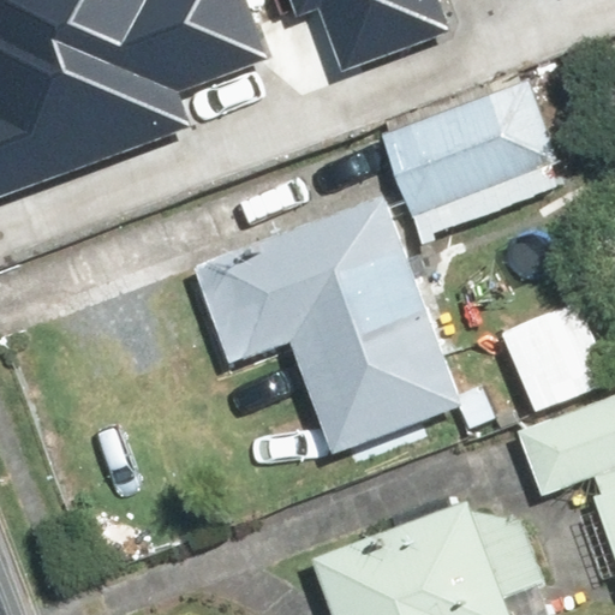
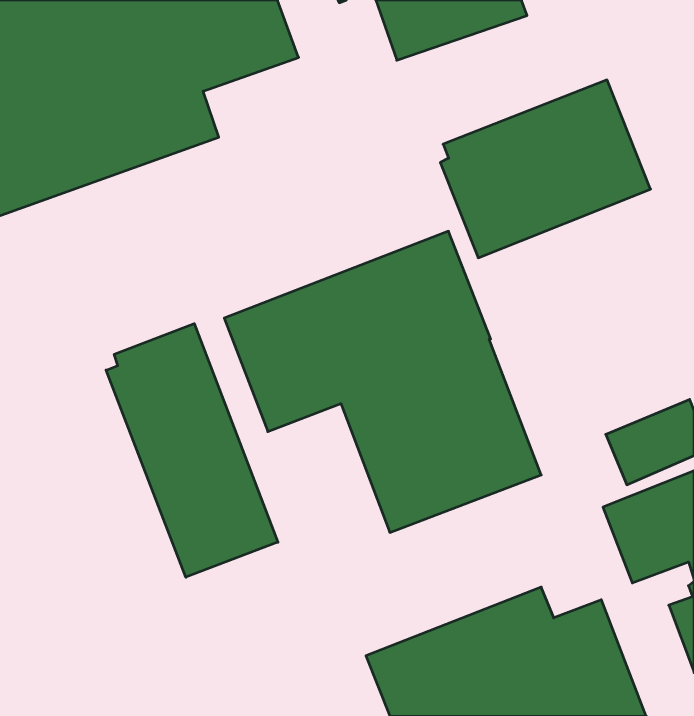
building: none -> [106,324,278,577]

